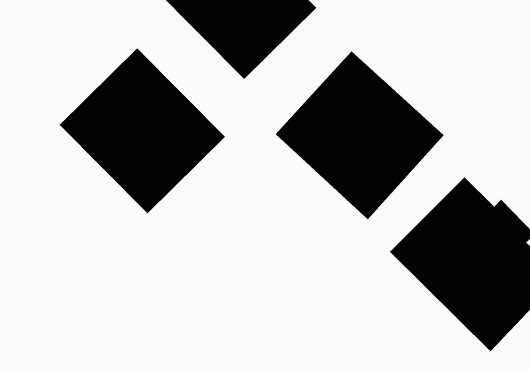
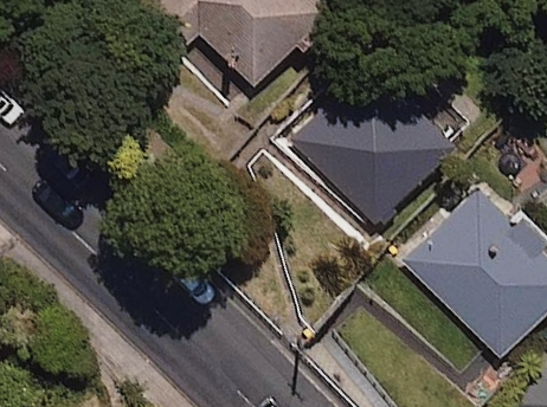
building: [59,47,226,214] -> none

